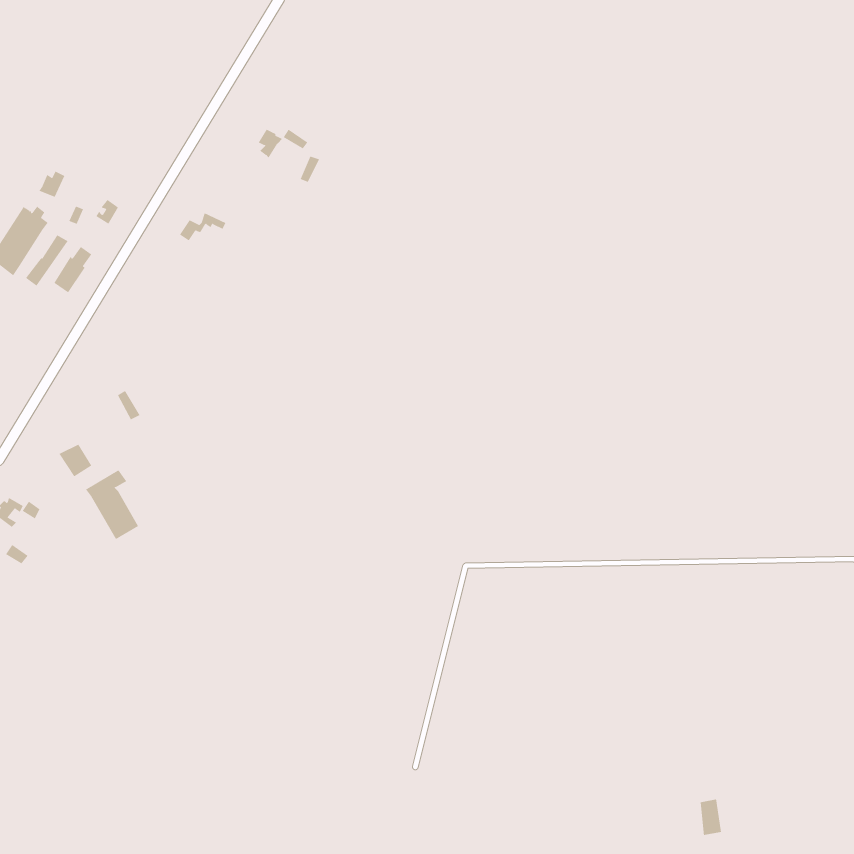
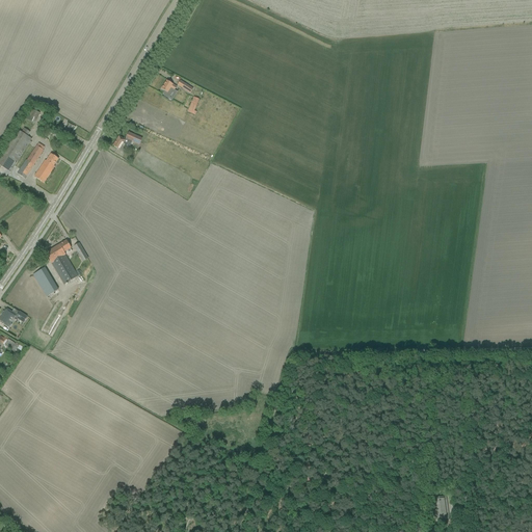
building: [85,469,139,540] -> [44,240,77,284]

